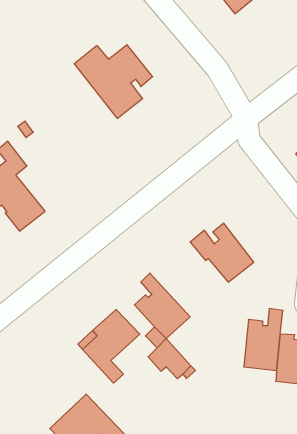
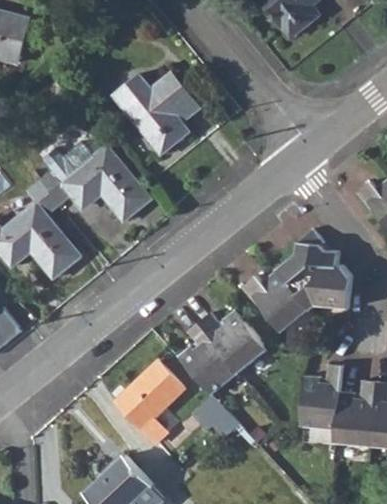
building: none -> [39,143,150,219]
building: none -> [276,241,351,311]
building: none -> [195,309,266,371]

